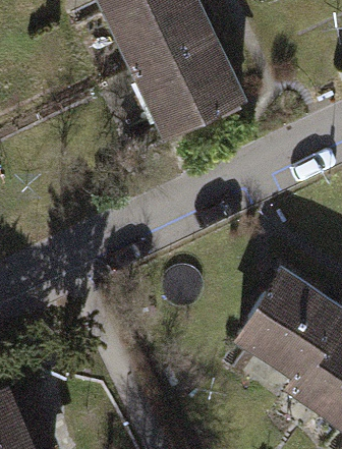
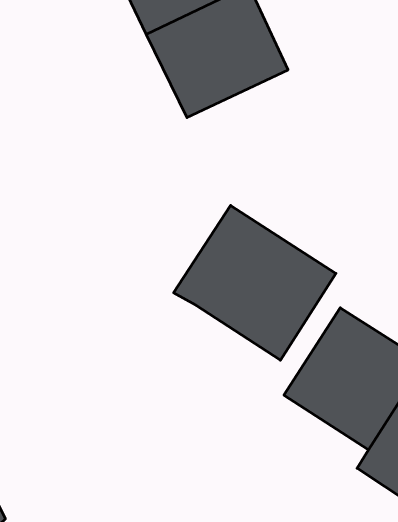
building: none -> [174,205,336,360]

